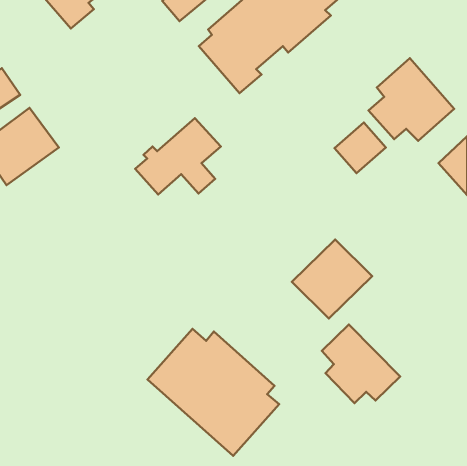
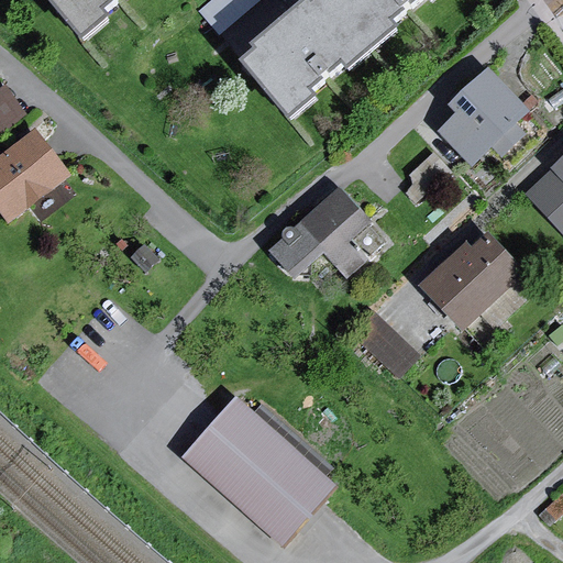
building: [135,118,221,195] -> [269,191,372,283]
building: none -> [420,234,529,334]
building: [322,325,400,403] -> none

